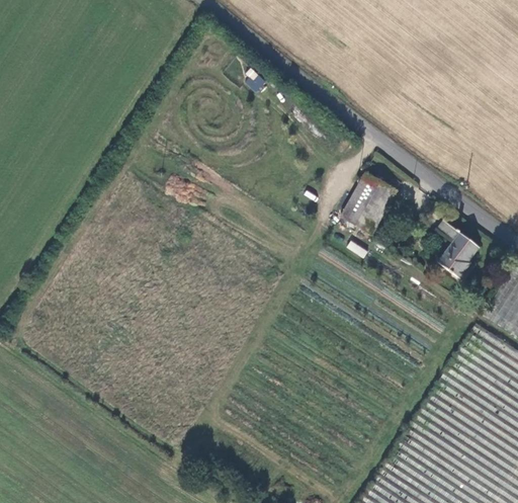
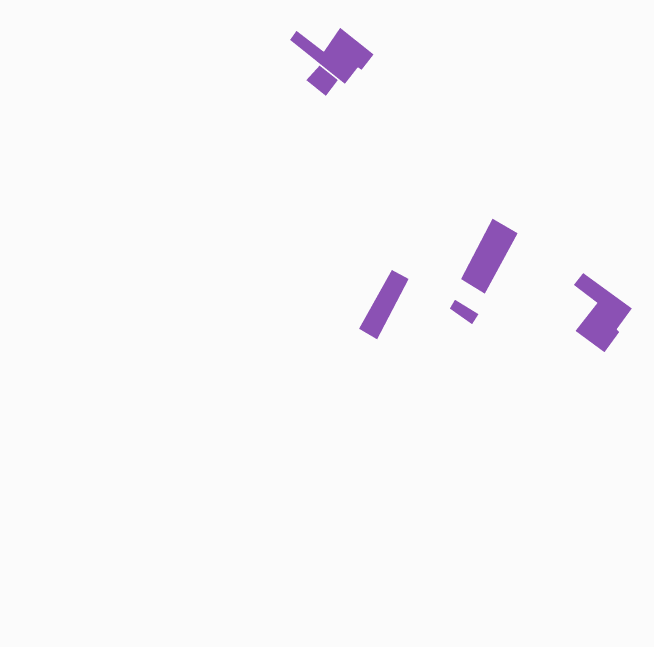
building: none -> [289,27,374,85]
building: [339,172,376,224] -> [358,269,410,340]

